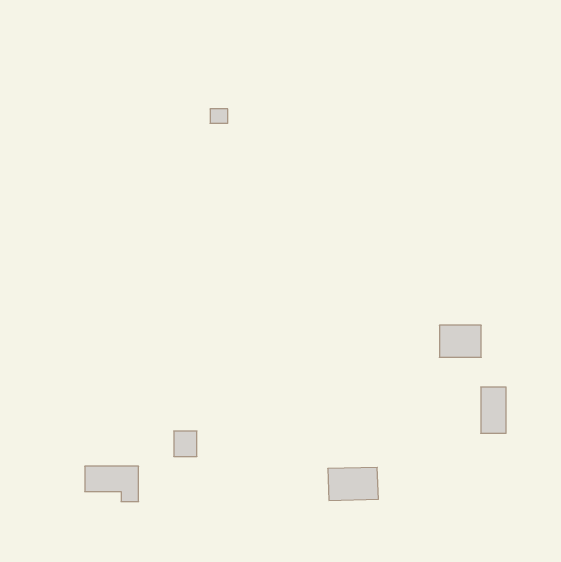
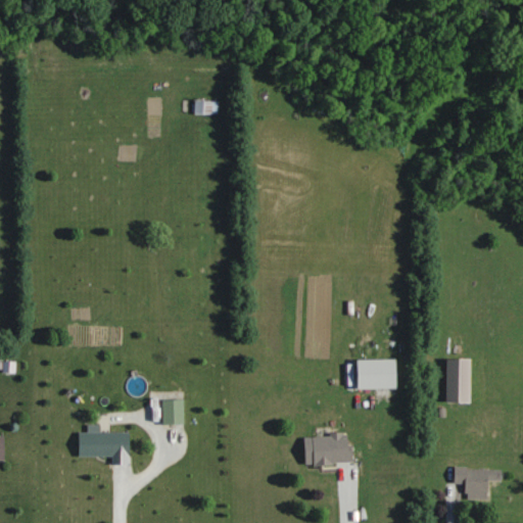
building: [439,325,481,357] -> [358,360,396,389]
building: none -> [454,468,503,501]

